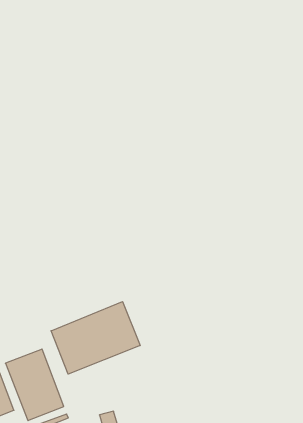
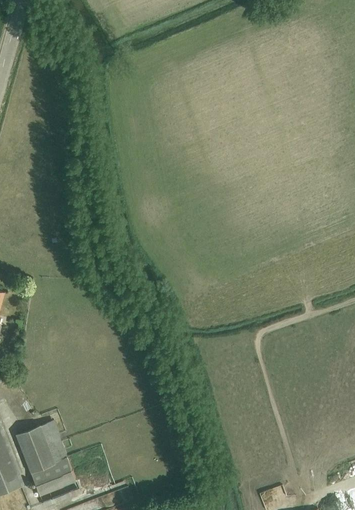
building: [51,302,140,374] -> none

